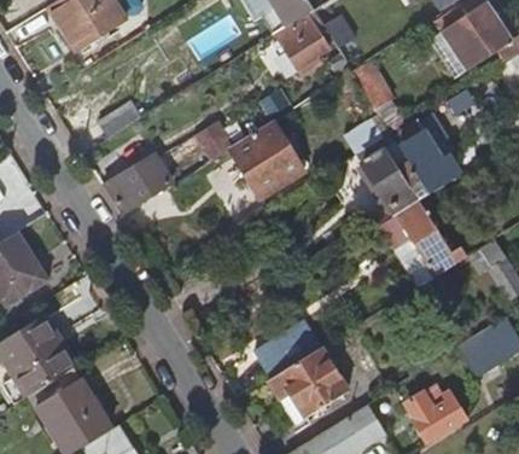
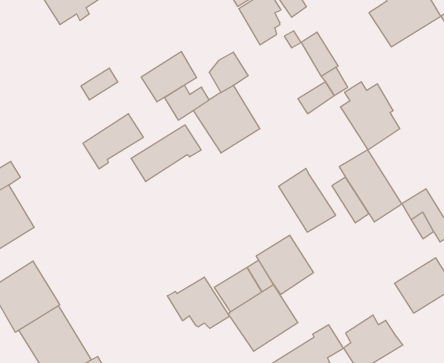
building: none -> [141,52,197,102]
building: [362,140,427,213] -> [279,168,336,232]
building: none -> [131,125,201,182]
building: none -> [256,235,314,294]
building: none -> [167,277,230,328]

